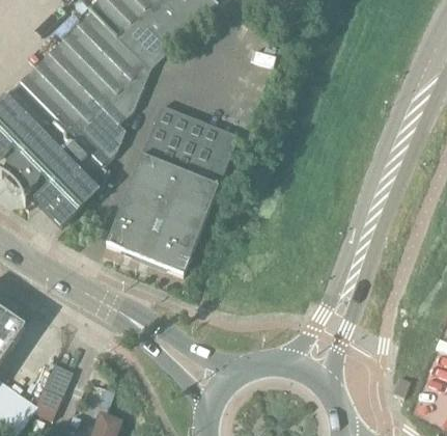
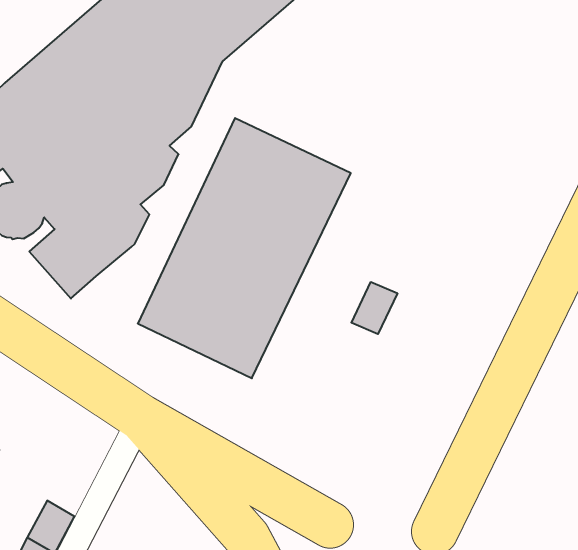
building: none -> [351,282,397,334]

